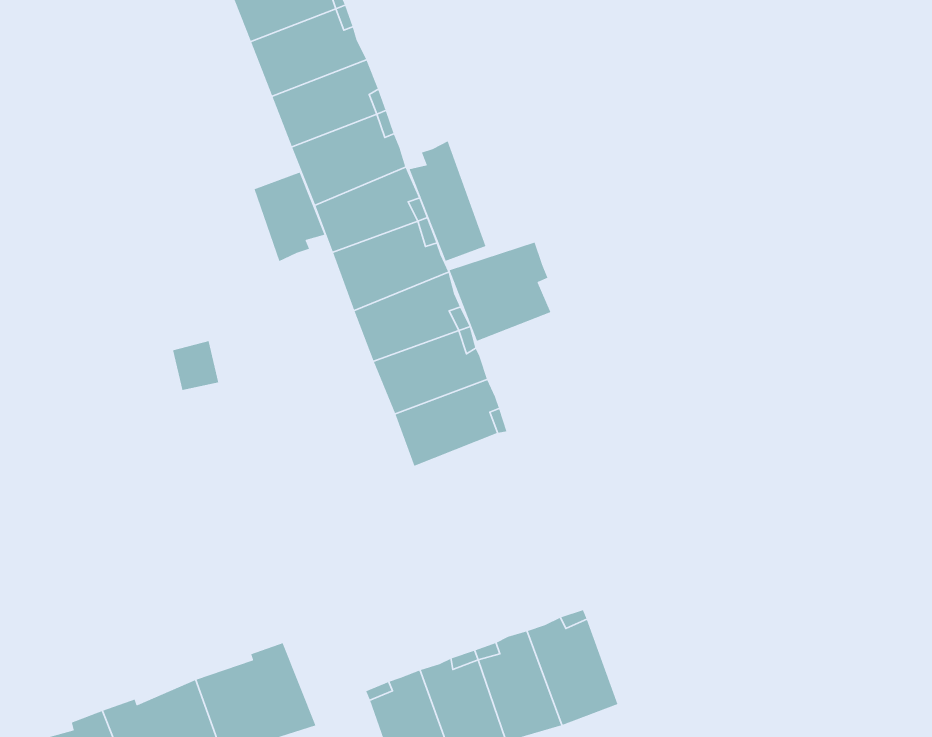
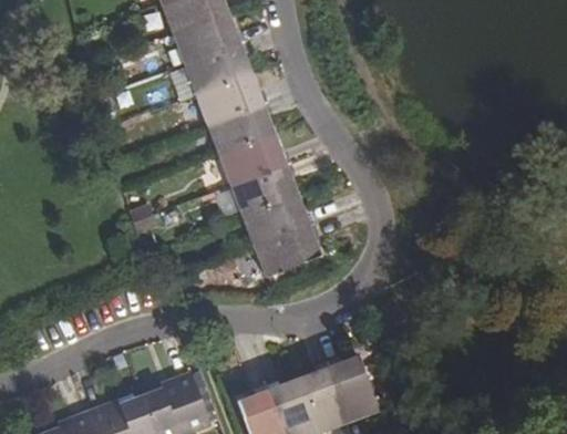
building: [409,140,486,262] -> none
building: [253,171,326,262] -> none
building: [449,241,552,342] -> none

